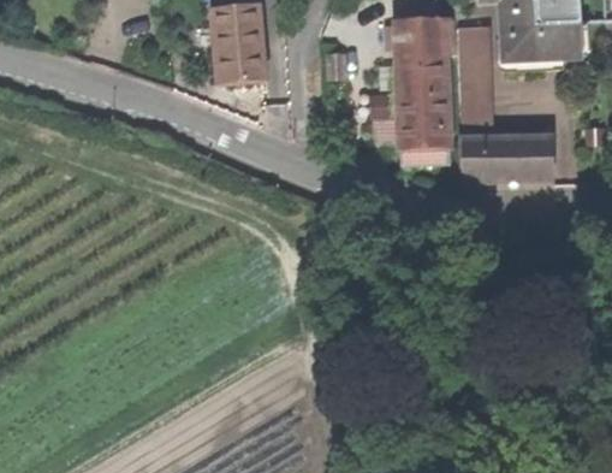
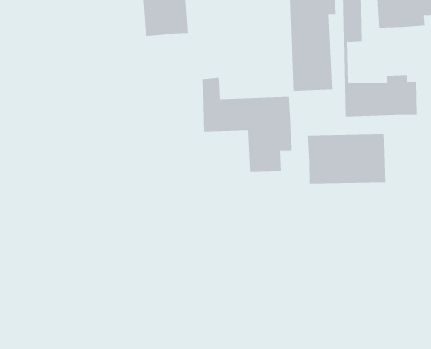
building: none -> [202,77,292,173]
building: none -> [307,133,386,185]

